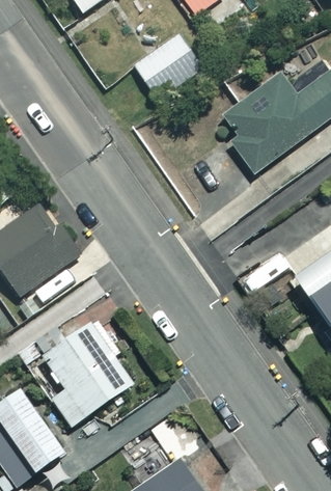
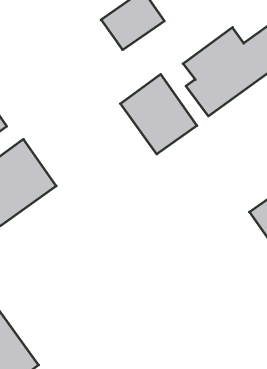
building: none -> [120,74,197,154]
building: [43,318,134,426] -> none

